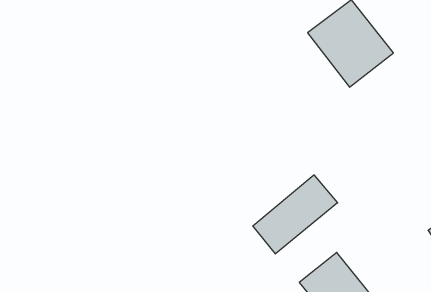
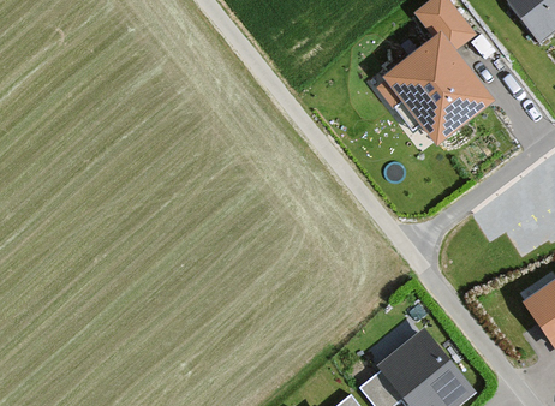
building: [253,175,338,254] -> none

